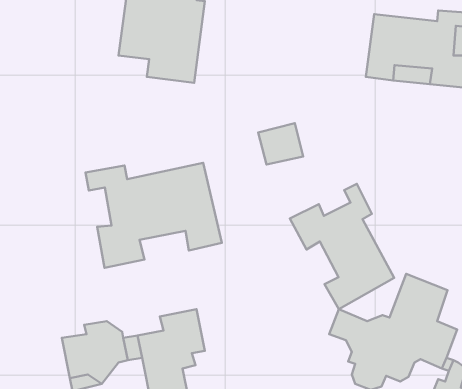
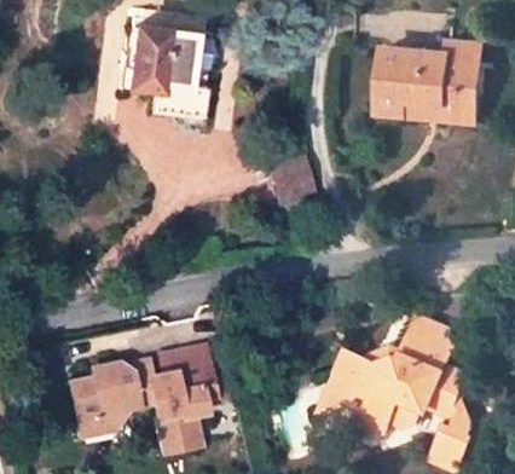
building: [86,163,222,268] -> none
building: [290,184,394,309] -> none
building: none -> [325,375,365,426]

